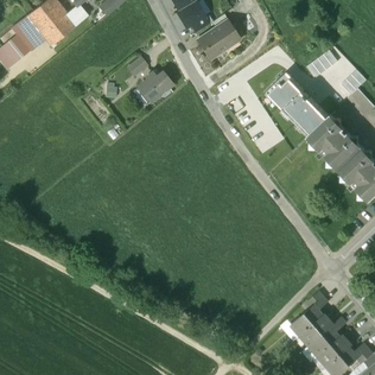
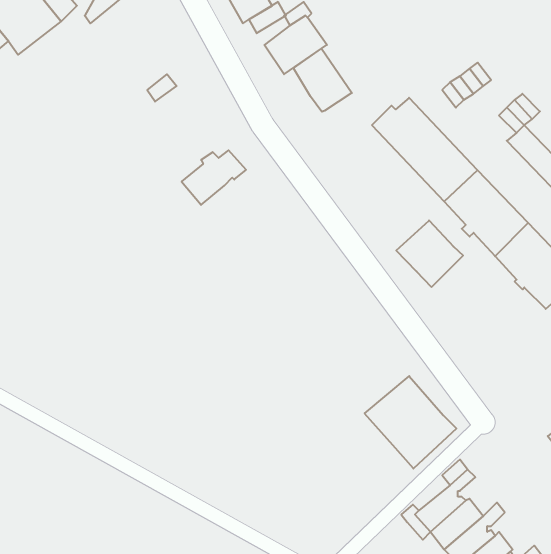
building: none -> [294,49,352,112]
building: [133,72,172,106] -> [182,150,246,205]
building: none -> [396,220,463,287]
building: none -> [365,376,456,469]

